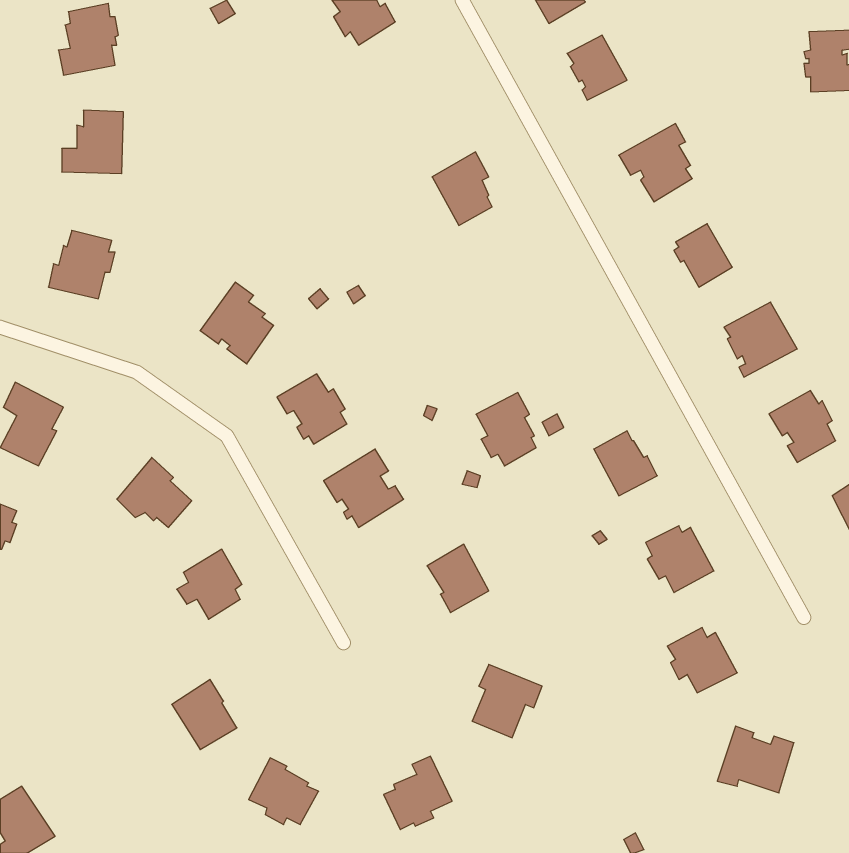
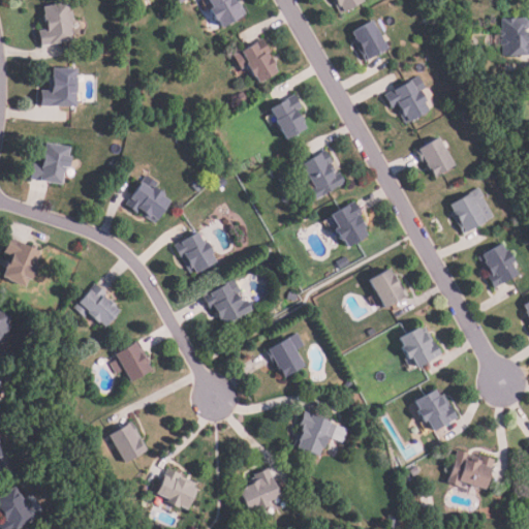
building: none -> [243,38,279,83]
building: none -> [300,150,346,201]
building: [476,393,536,466] -> [331,201,368,247]

